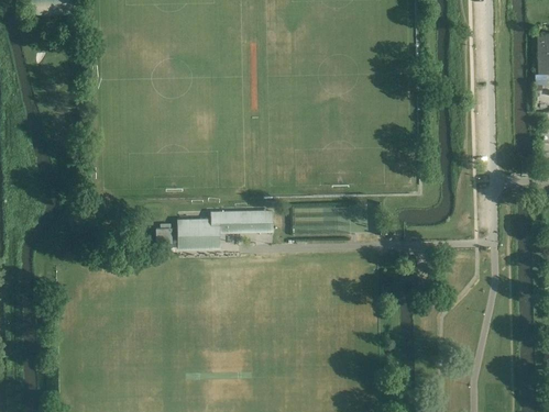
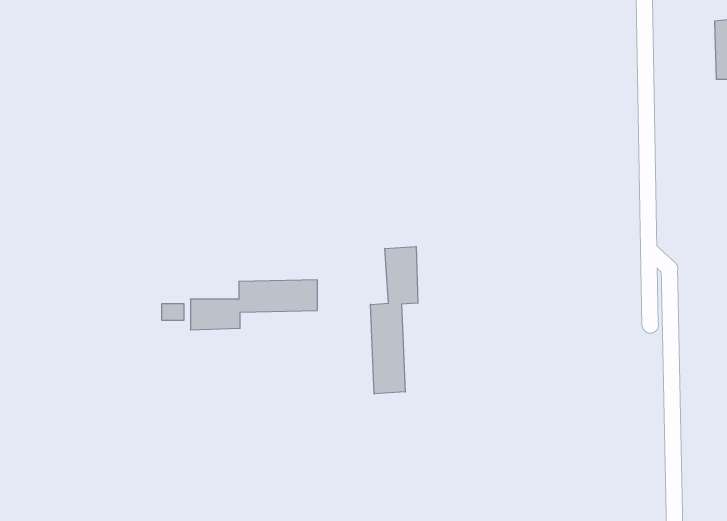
building: none -> [370,246,418,394]

